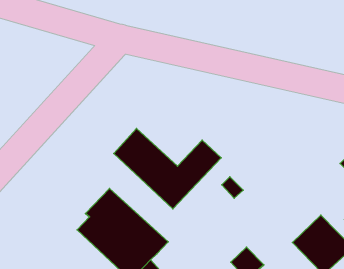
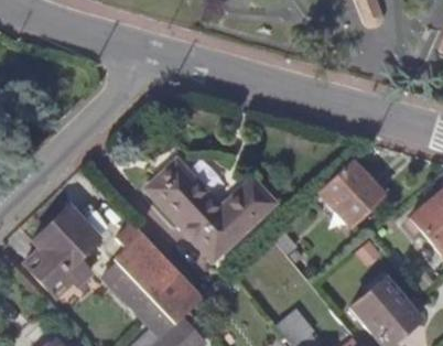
building: none -> [320,162,383,226]
building: none -> [30,207,100,296]

